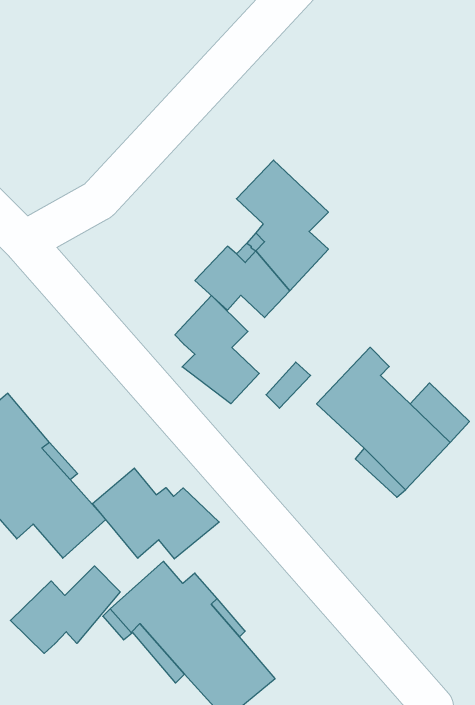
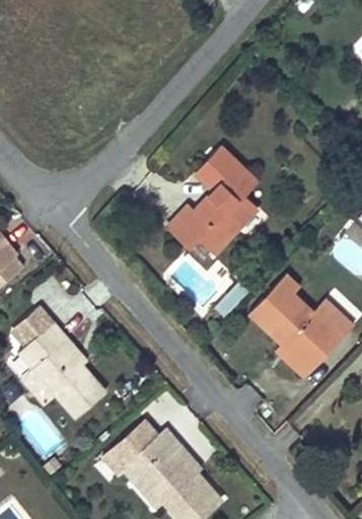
building: [175,296,259,404] -> none
building: [92,468,219,559] -> none
building: [10,566,120,653] -> none

